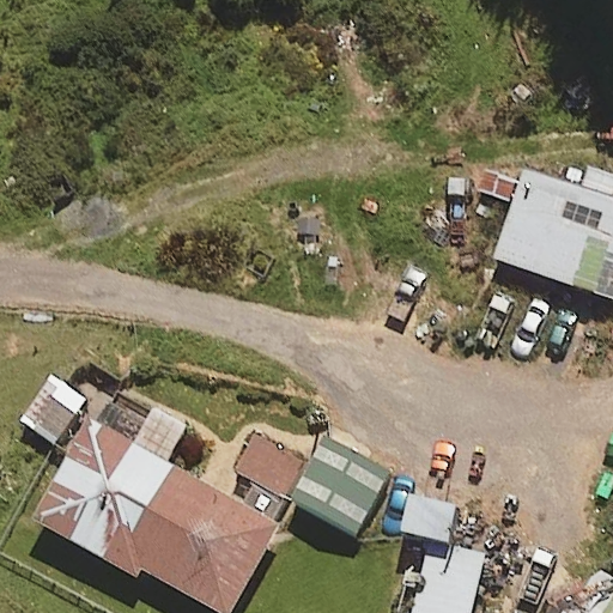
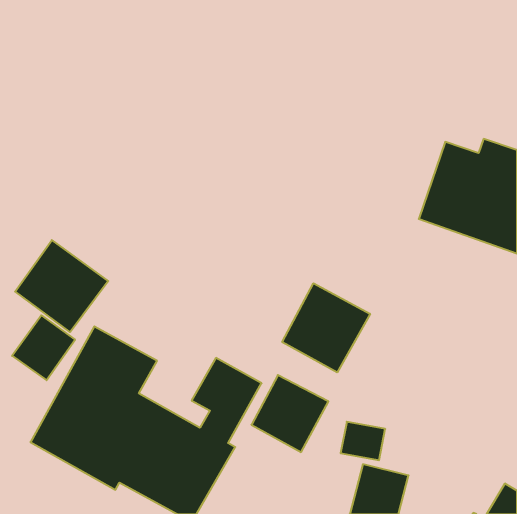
building: none -> [15,240,108,332]
building: none -> [282,283,370,372]

